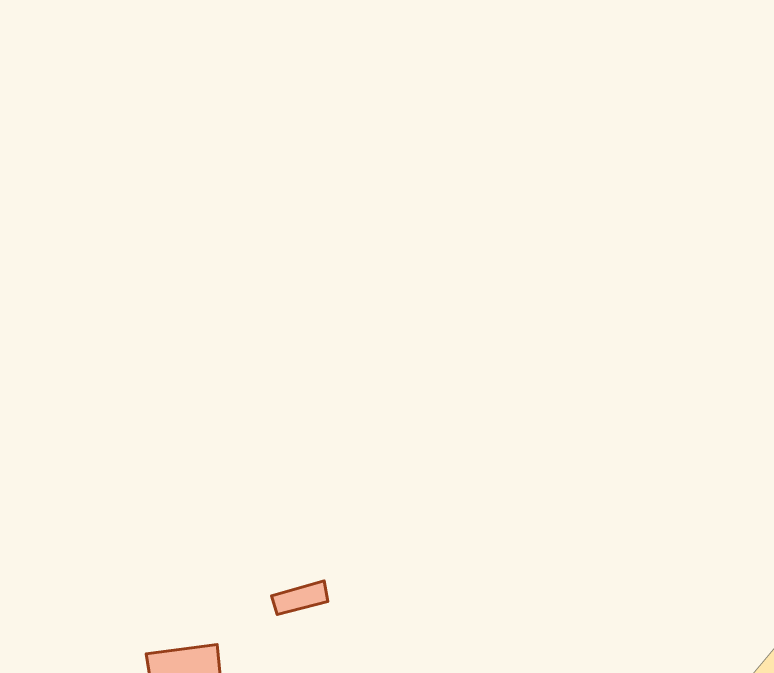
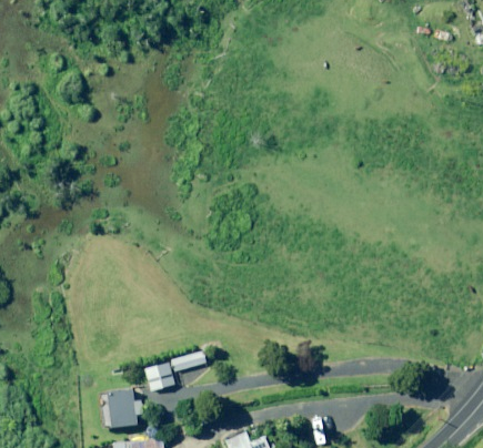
building: none -> [144,363,174,390]

